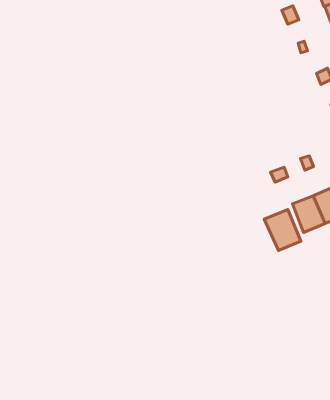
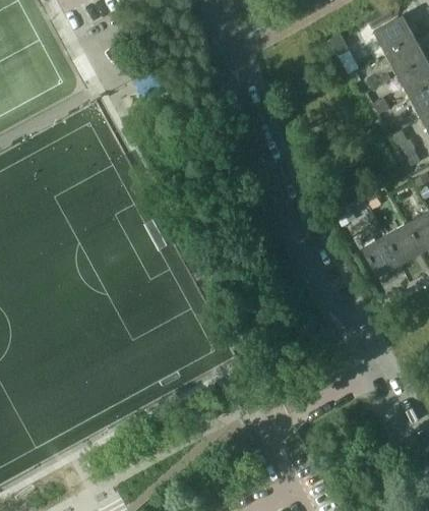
building: [264,210,301,251] -> none

